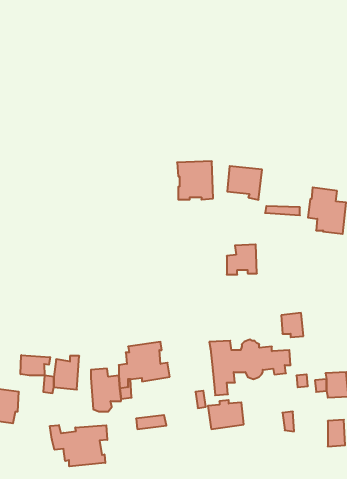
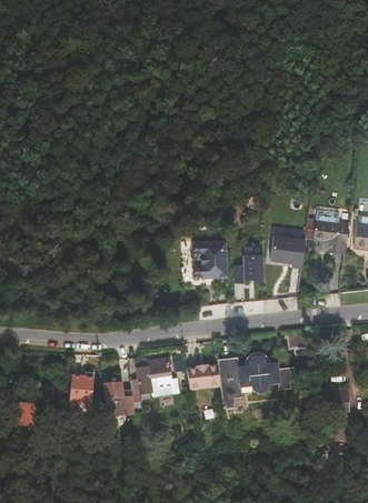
building: [177,161,213,200] -> [192,245,227,282]
building: [227,166,262,200] -> [271,242,305,274]
building: [21,355,50,376] -> none
building: [208,400,244,429] -> [187,361,221,389]
building: [50,425,107,466] -> none

